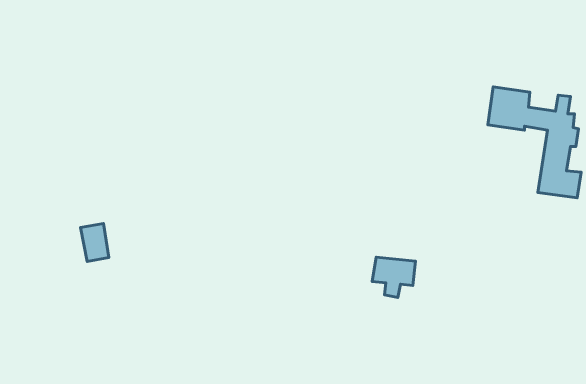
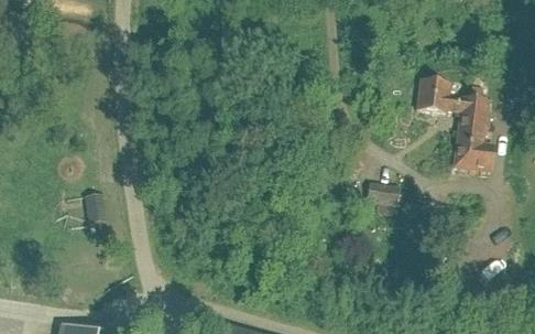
building: [372,257,416,298] -> [365,180,401,213]

